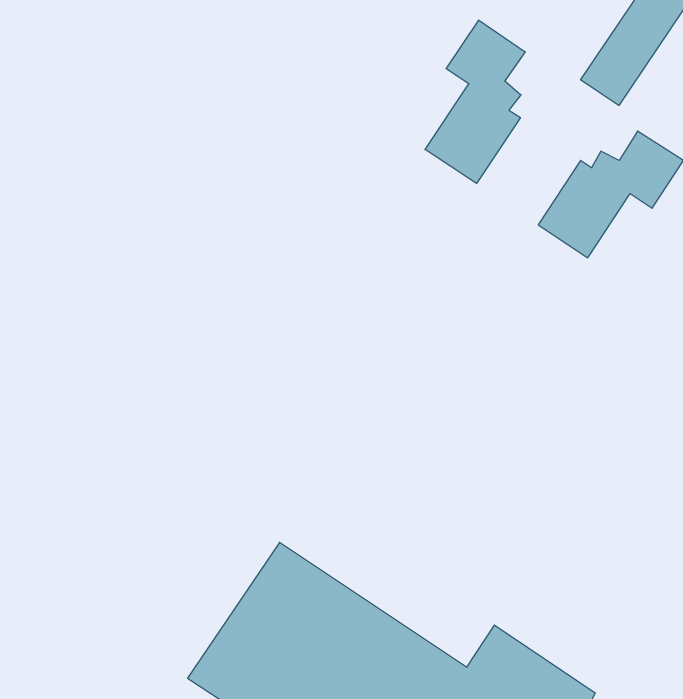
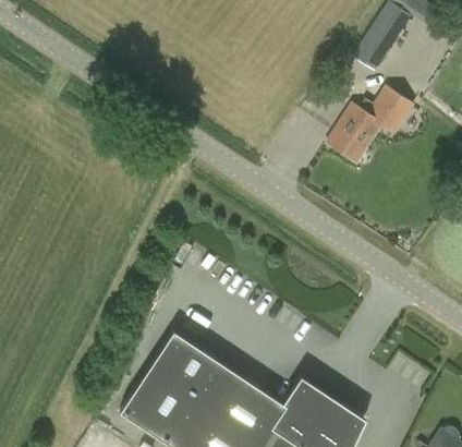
building: [425,20,525,183] -> none

